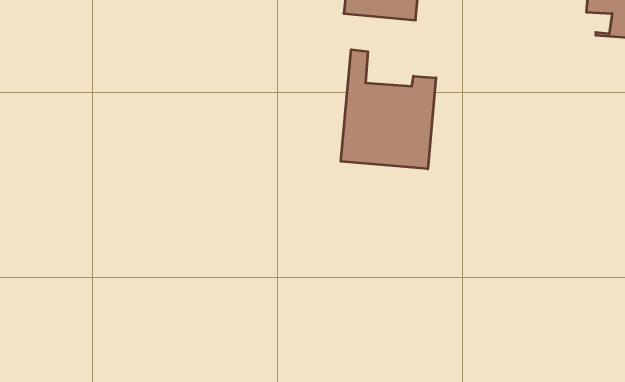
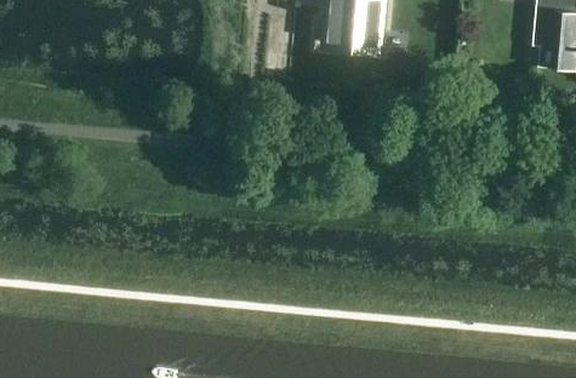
building: [341,50,436,169] -> none

